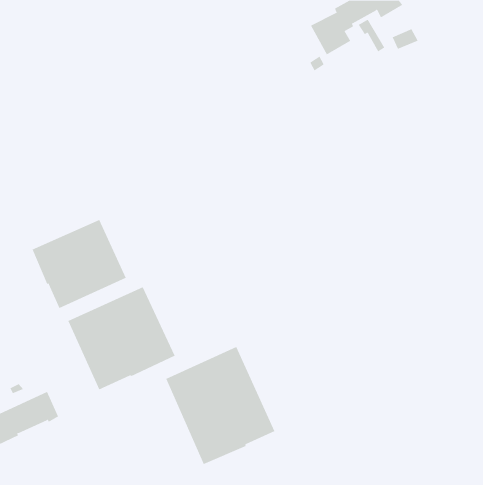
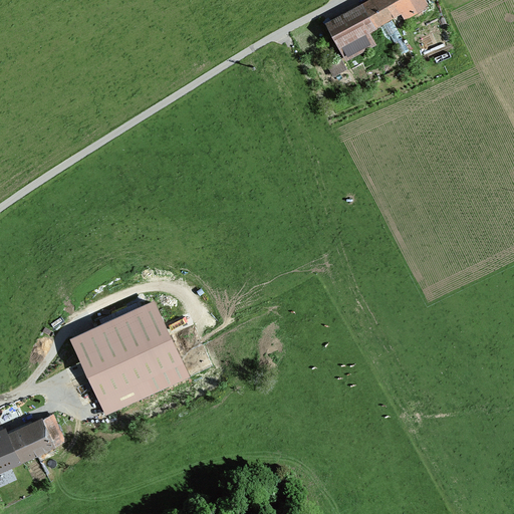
building: [32,219,127,309] -> none
building: [166,346,275,465] -> none

